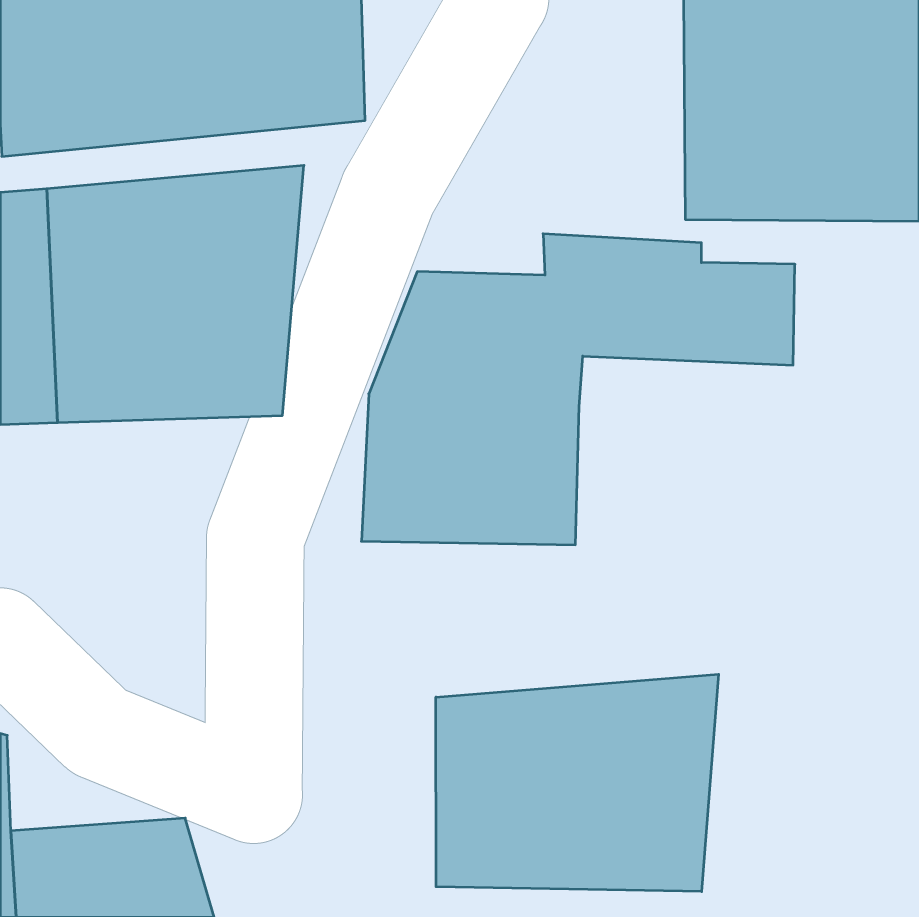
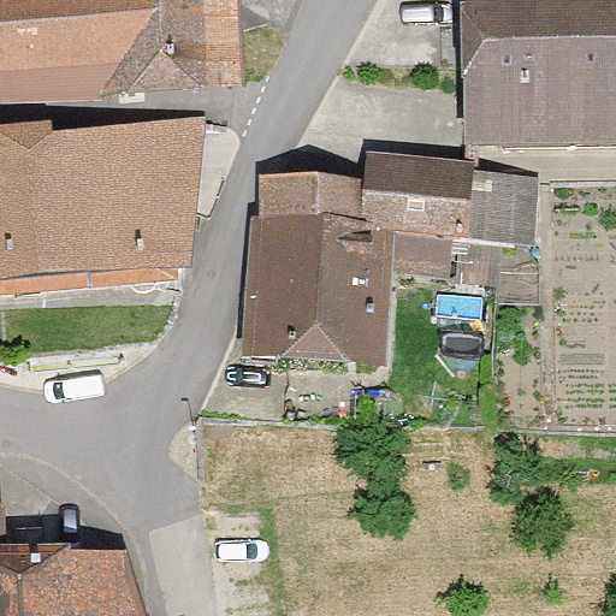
building: [436,674,719,892] -> none

